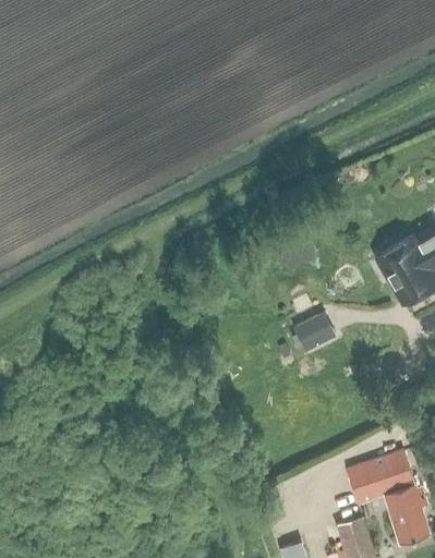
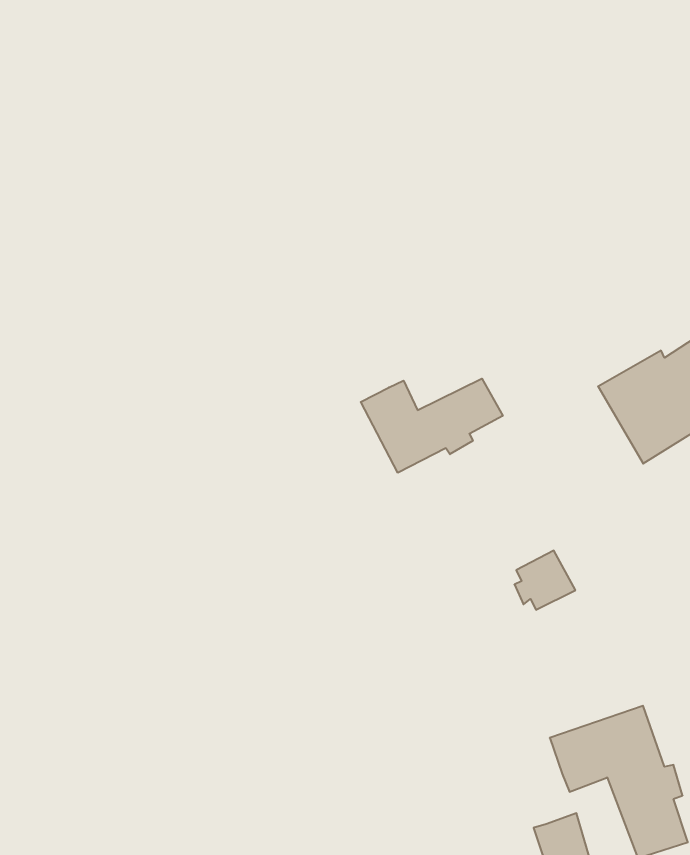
building: none -> [361,379,503,473]
building: [293,316,330,352] -> [514,551,575,610]

